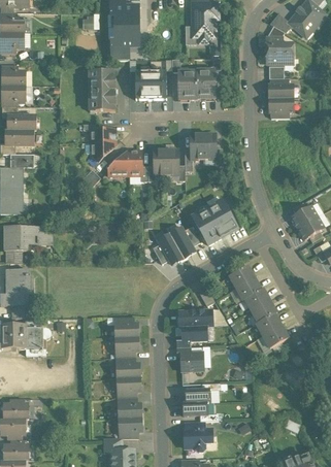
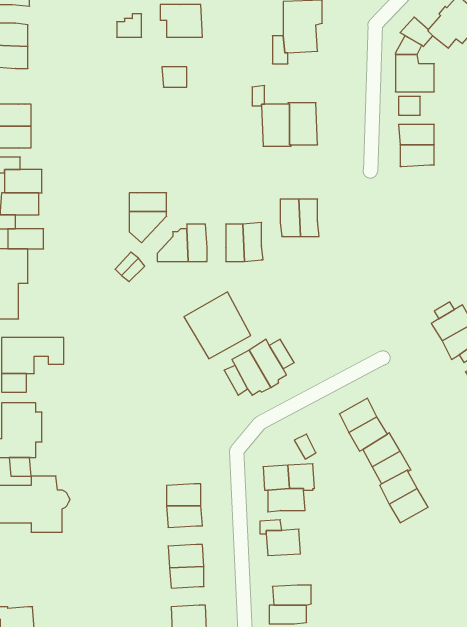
building: [110,27,138,46] -> none
building: [134,70,166,99] -> none
building: [91,71,114,110] -> none
building: [192,200,236,244] -> [184,292,251,359]

